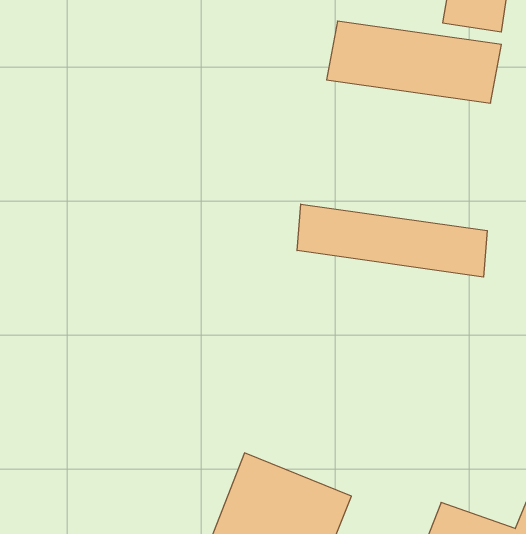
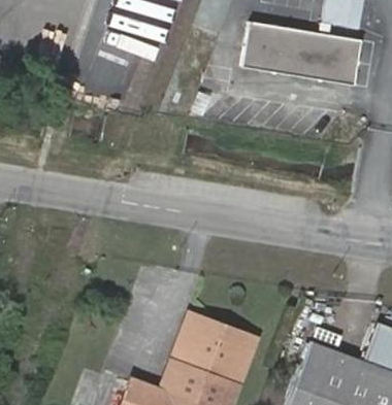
building: [297,204,487,277] -> none

